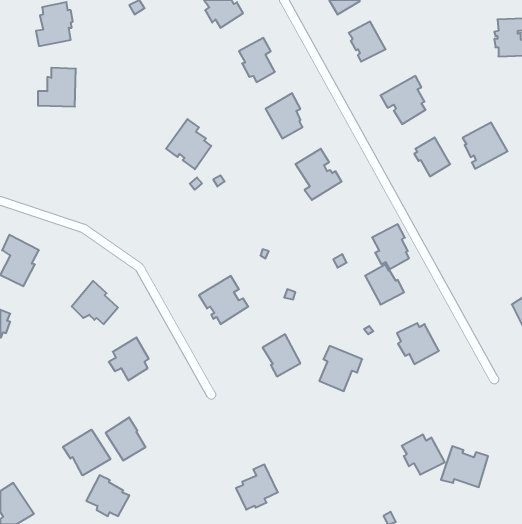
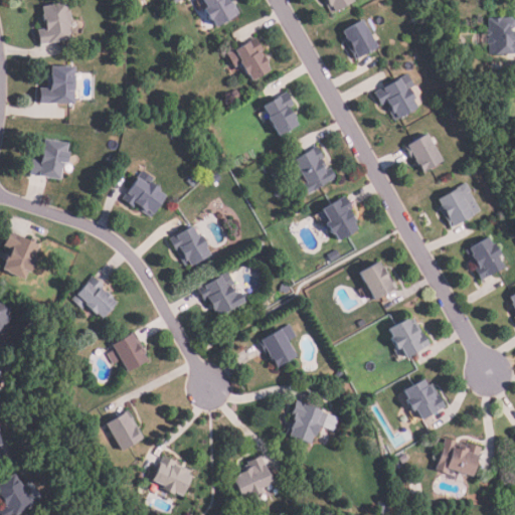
building: [166,119,211,169] -> [123,170,167,219]
building: [463,123,508,169] -> [439,182,483,227]
building: none -> [31,139,71,180]
building: [372,224,409,269] -> [322,196,358,240]
building: none -> [169,225,211,268]
building: none -> [466,235,506,279]
building: [319,346,362,391] -> [287,400,329,445]
building: [63,430,110,475] -> none
building: [402,435,445,475] -> [404,378,447,417]
building: [86,475,129,516] -> [152,457,194,497]

